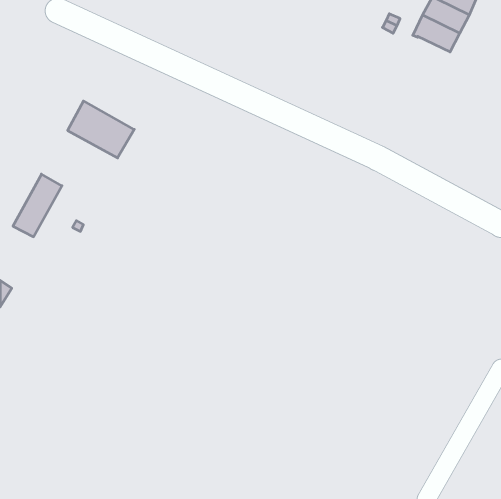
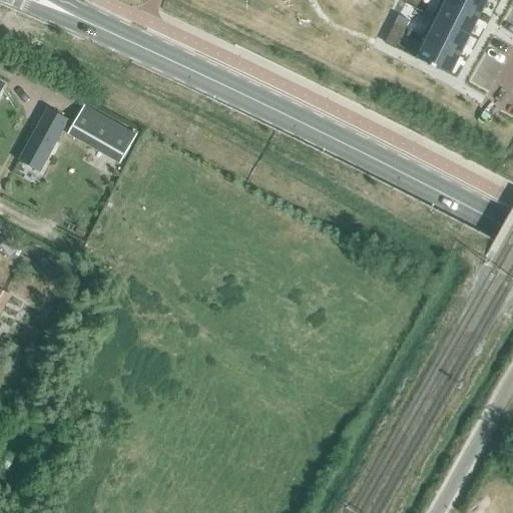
building: none -> [417,37,460,74]
building: [13,174,62,237] -> [18,106,68,170]

